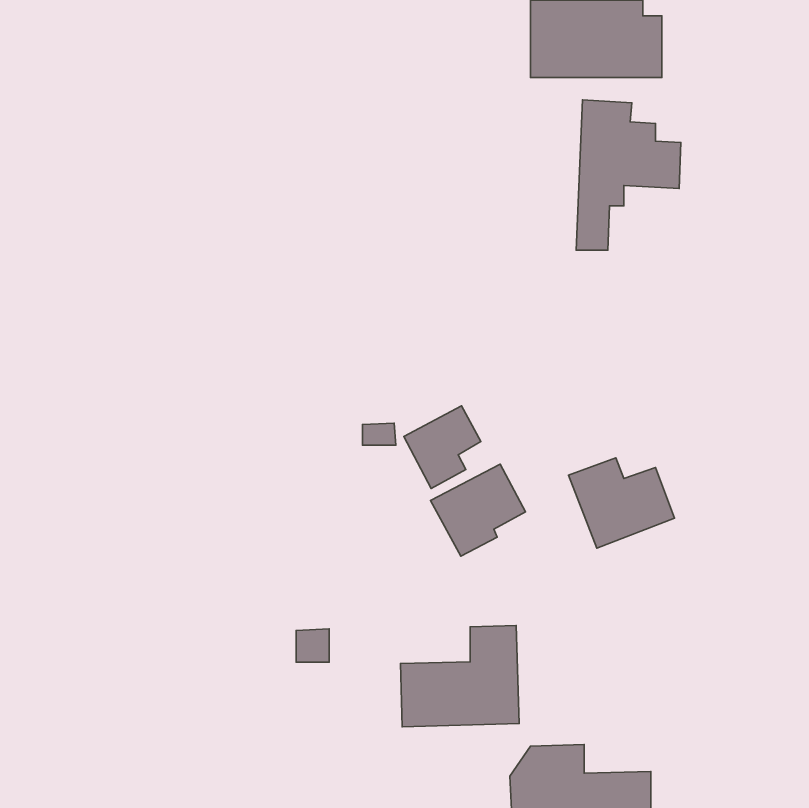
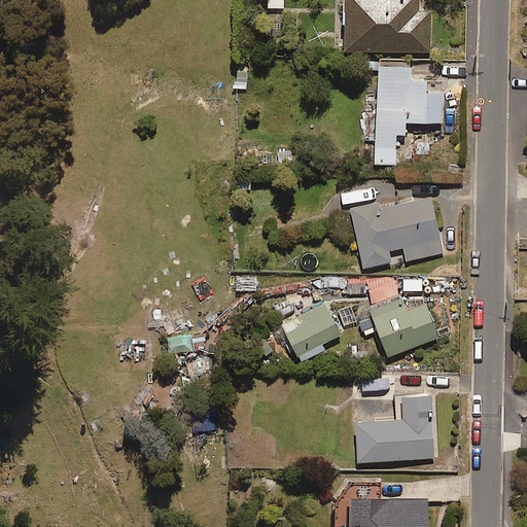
building: none -> [351,198,443,269]
building: [404,406,481,489] -> none
building: [400,625,519,727] -> [357,396,434,462]

